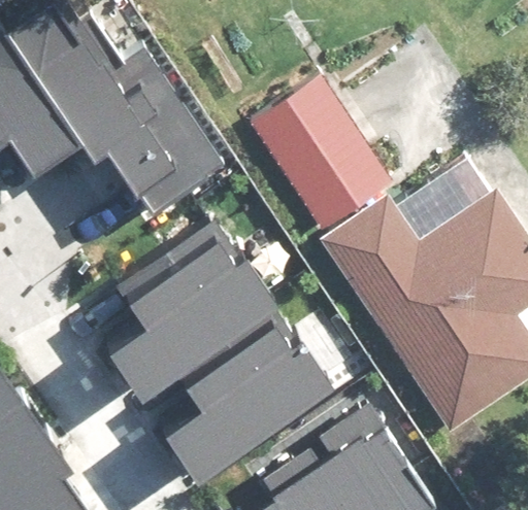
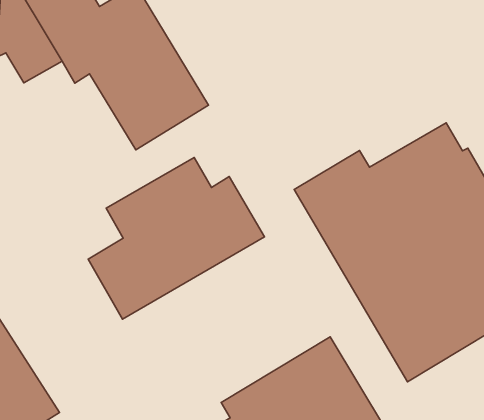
building: [246,79,388,233] -> none
building: [172,308,353,478] -> none

